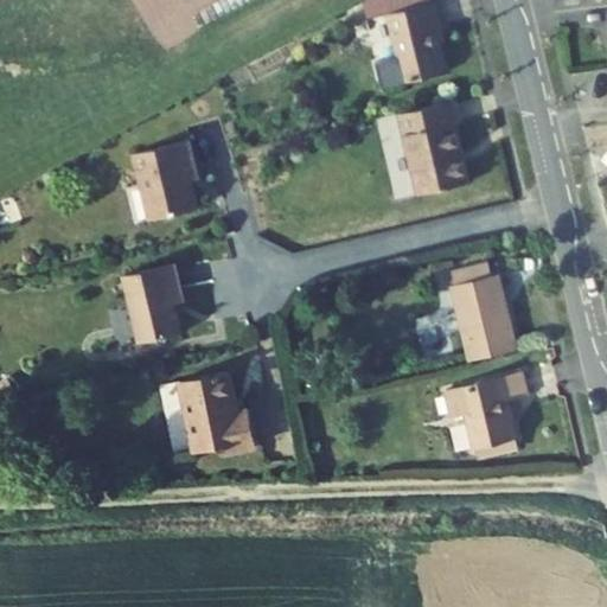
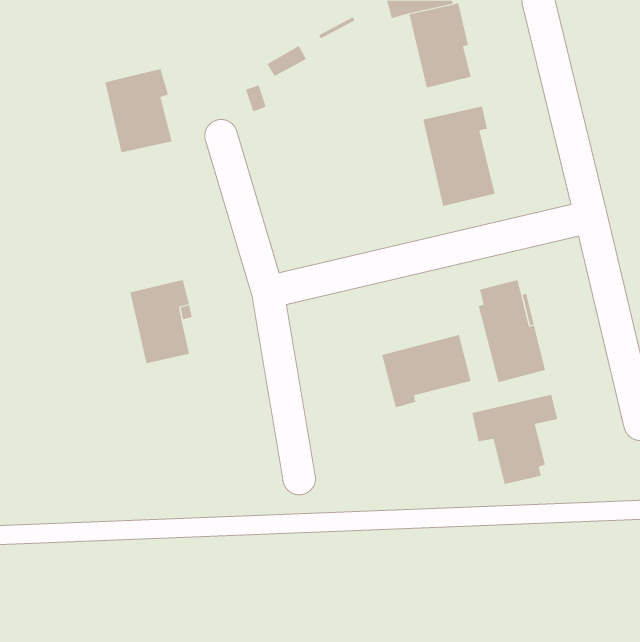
building: [133,141,197,221] -> [105,68,172,153]
building: none -> [381,334,471,408]
building: [179,372,255,454] -> none

